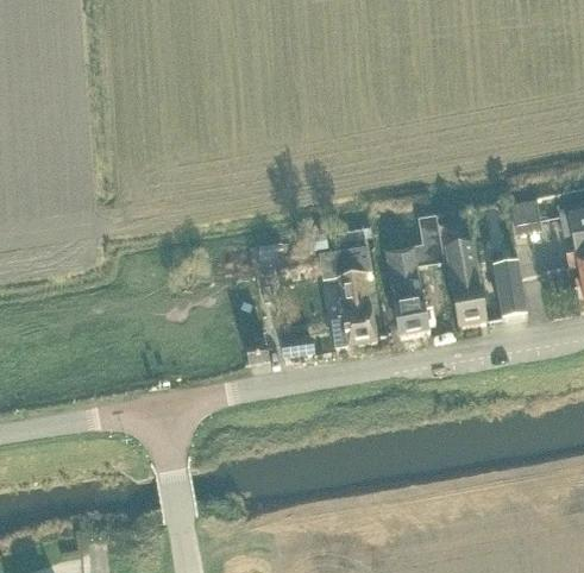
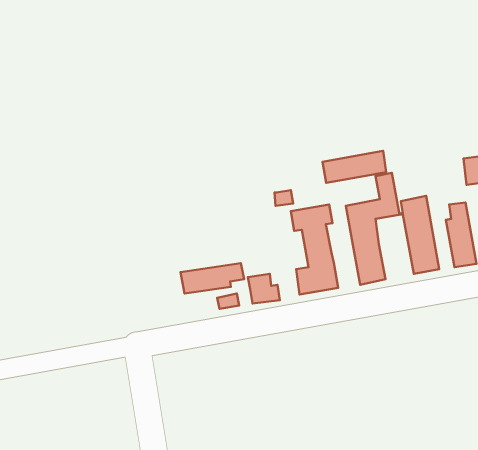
building: none -> [322,151,386,183]
building: none -> [181,263,244,293]

